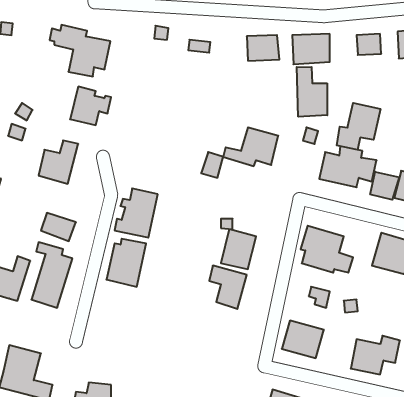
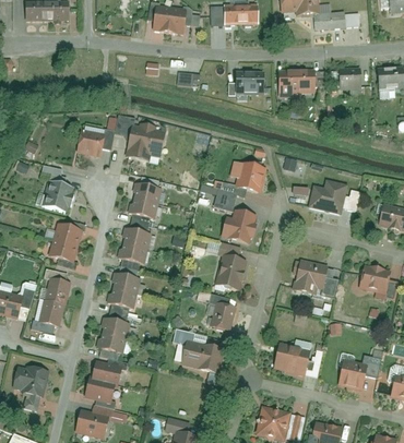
building: [50,25,110,76] -> [107,112,164,160]
building: [297,67,327,117] -> none
building: [337,103,380,150] -> none
building: none -> [128,175,163,218]
building: [370,172,399,200] -> none
building: none -> [221,208,256,242]
building: none -> [51,221,84,248]
building: none -> [95,307,132,354]
building: none -> [173,331,225,383]
building: none -> [84,360,123,399]

